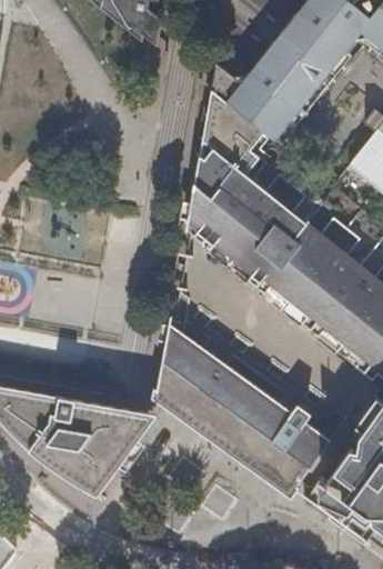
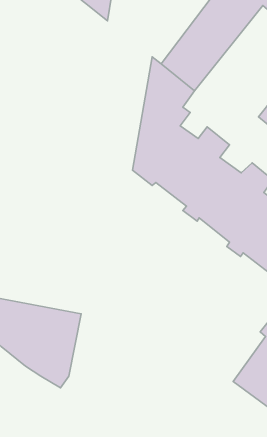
building: [161,340,334,496] -> none
building: [112,411,162,488] -> none

